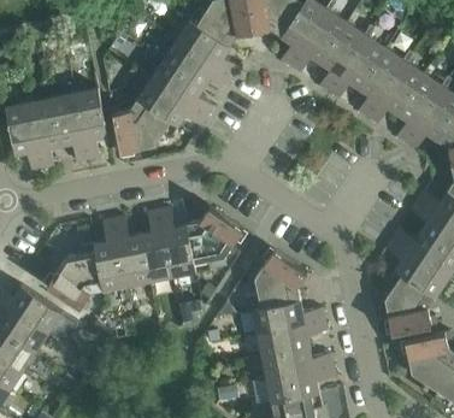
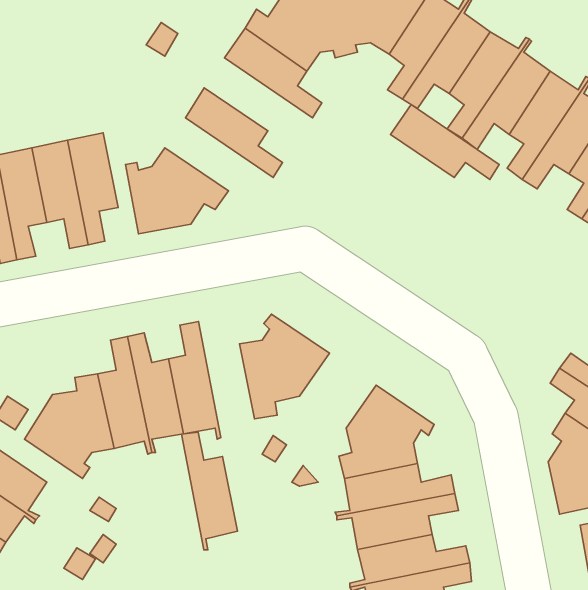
building: [163,40,232,88] -> [391,105,499,179]
building: [137,78,207,126] -> none
building: [159,208,195,284] -> [181,432,238,550]

